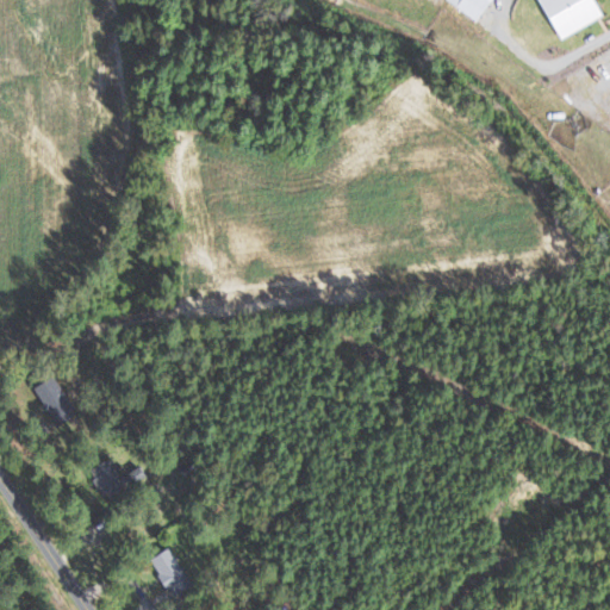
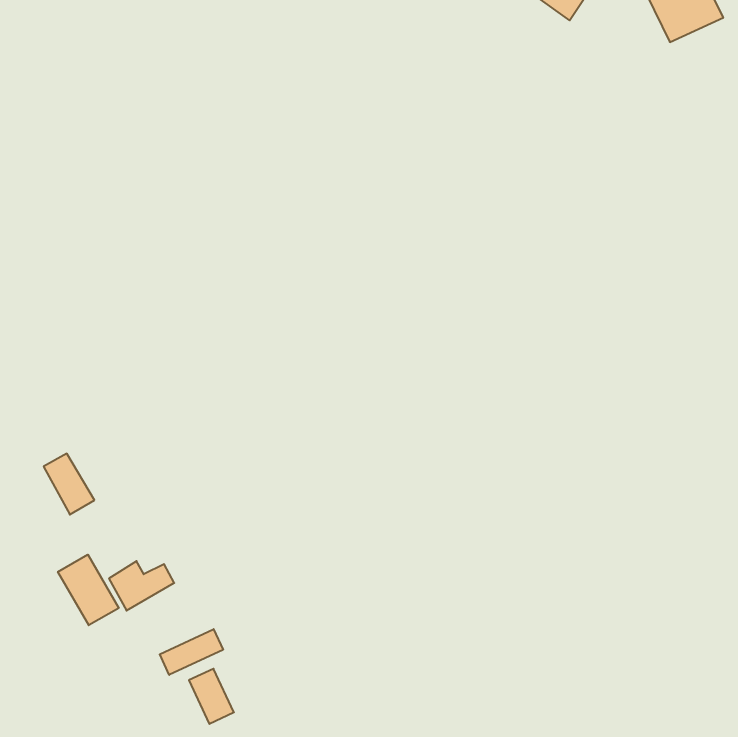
building: none -> [58,555,119,625]
building: none -> [160,629,223,675]

